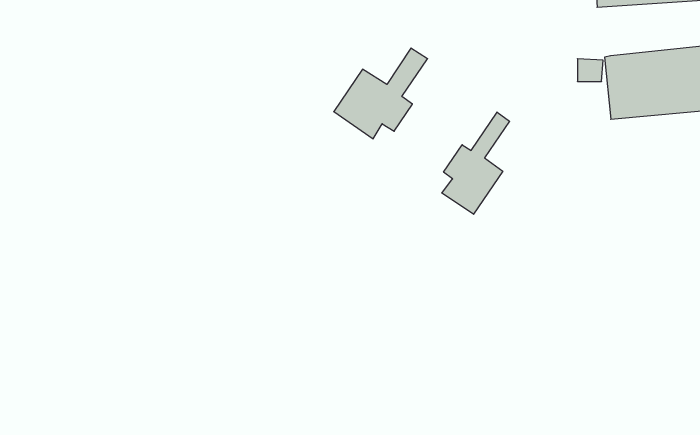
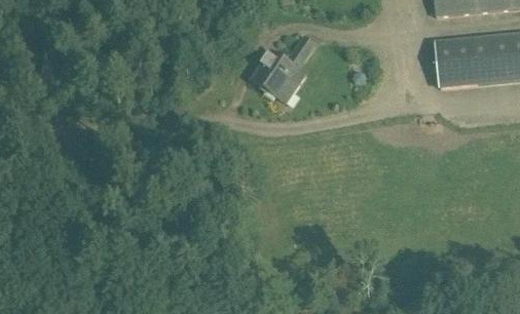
building: [442,112,510,214] -> none

